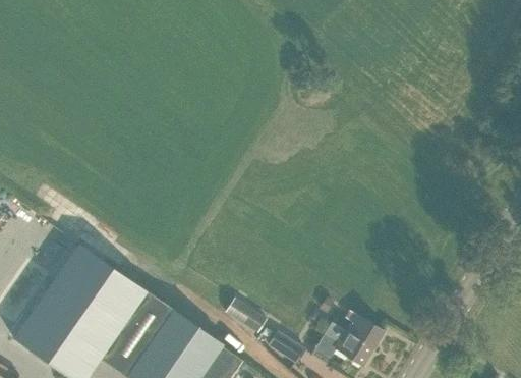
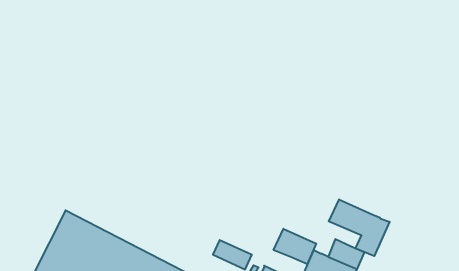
building: none -> [329,199,390,256]
building: none -> [274,229,316,264]

